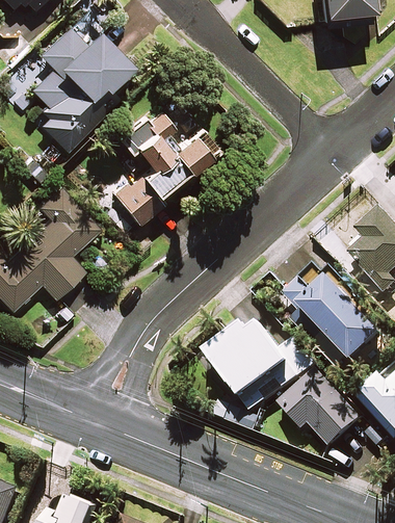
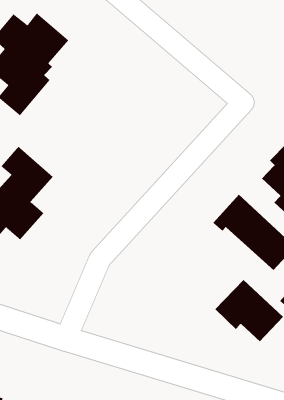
building: [113,113,209,227] -> none
building: [205,322,311,415] -> none

